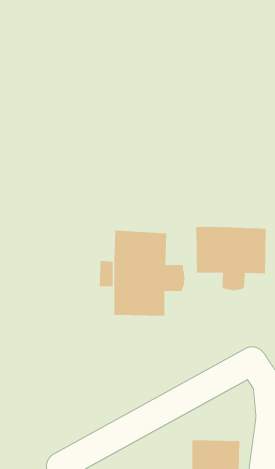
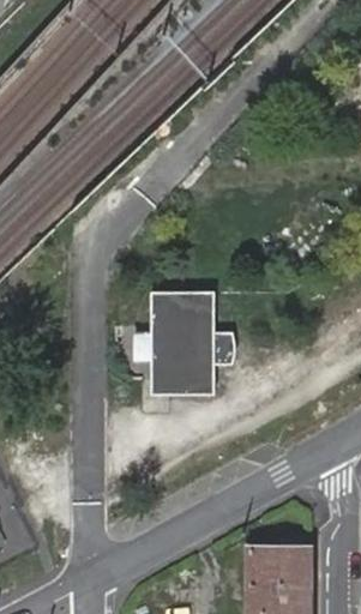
building: [196,226,266,291] -> none

